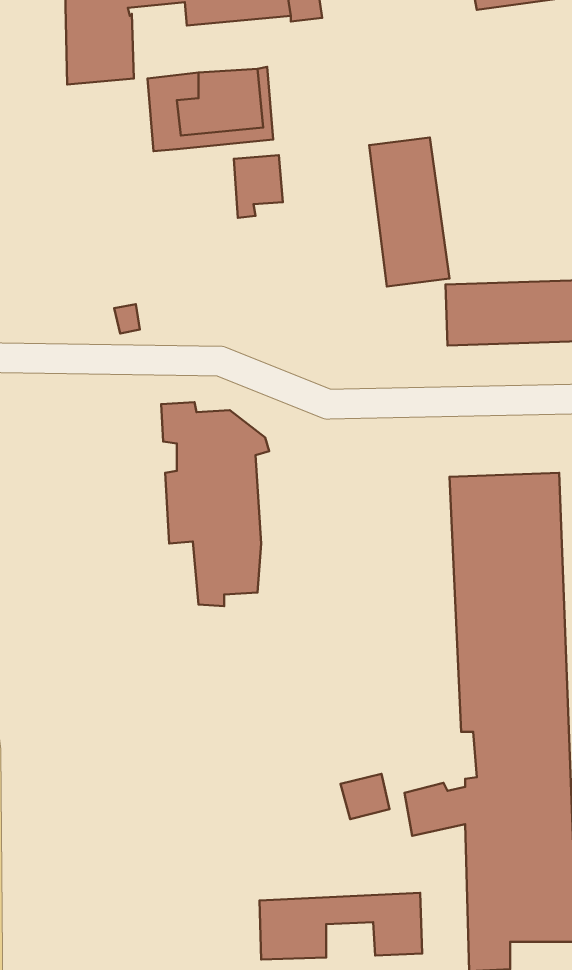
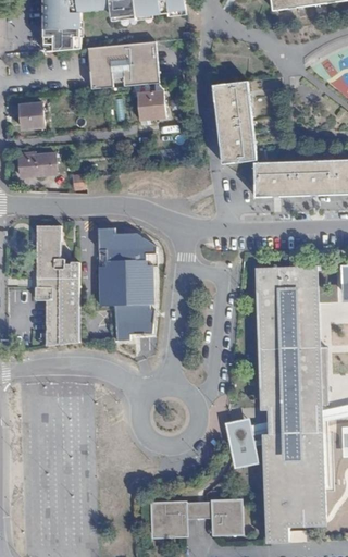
building: none -> [18,102,42,128]
building: none -> [16,151,54,176]
building: none -> [34,225,77,345]
building: [340,774,389,819] -> [225,419,252,444]

